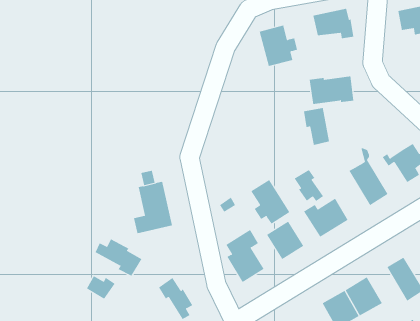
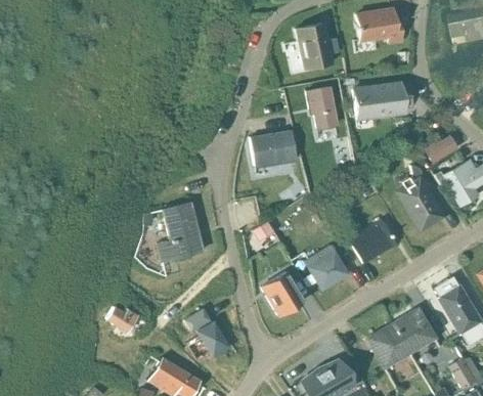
building: [303,107,330,145] -> [308,87,338,129]
building: none -> [254,131,297,165]
building: none -> [424,136,458,164]
building: [294,169,324,202] -> none
building: [250,179,290,224] -> none
building: [95,238,142,277] -> none

